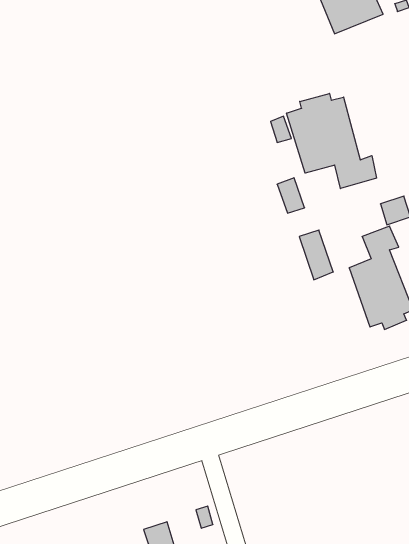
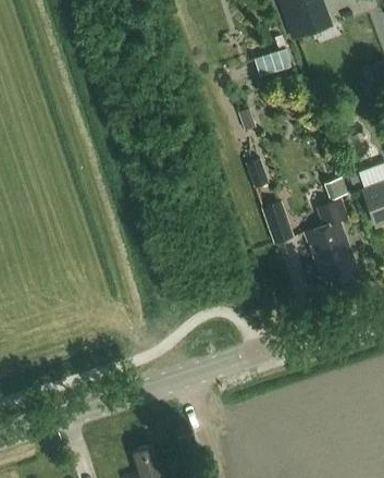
building: none -> [255,48,292,75]
building: [287,93,377,189] -> none

